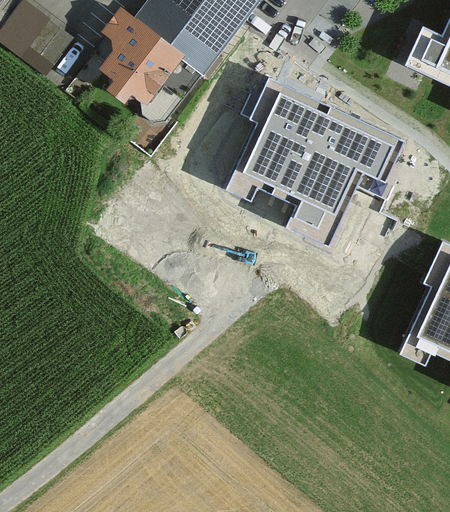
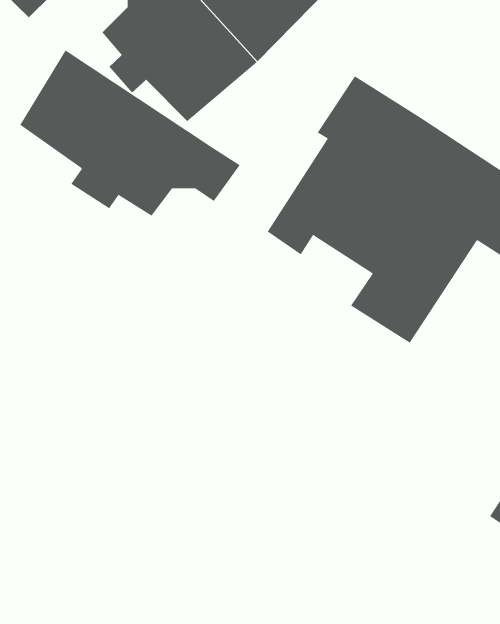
building: none -> [20,49,241,216]

